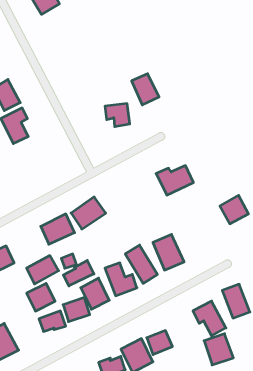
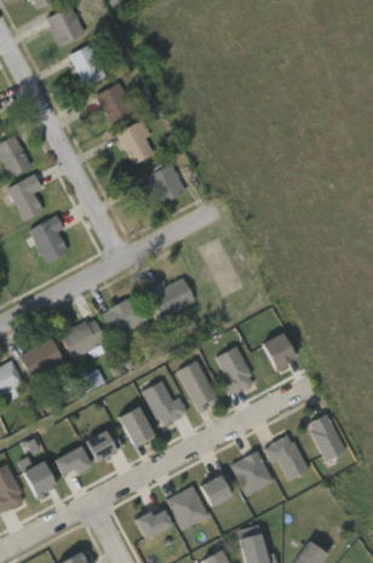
building: none -> [70,45,103,86]
building: none -> [94,81,134,123]
building: [132,74,159,105] -> [116,122,154,165]
building: none -> [28,214,67,262]
building: [156,166,193,195] -> [144,277,195,317]
building: [220,195,248,224] -> [256,331,294,369]
building: [27,256,59,284] -> [18,339,62,378]
building: [63,260,94,286] -> none
building: [27,283,55,311] -> [17,460,56,498]
building: [204,334,233,365] -> [235,454,275,496]

